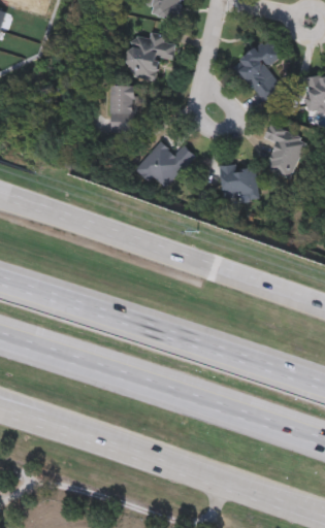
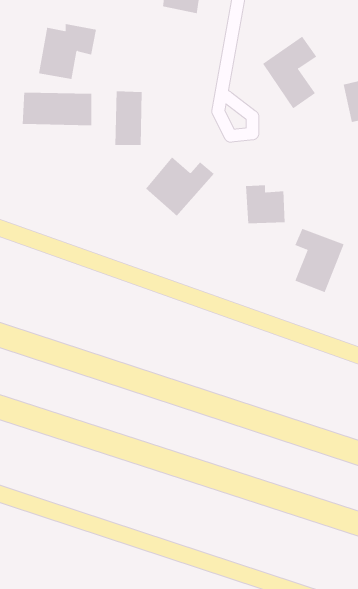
building: [126,33,175,80] -> [38,23,97,79]
building: none -> [22,92,92,126]
building: [263,124,305,178] -> [295,228,345,293]

